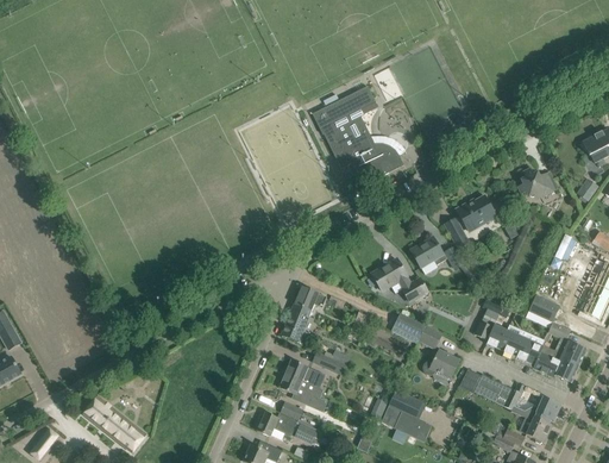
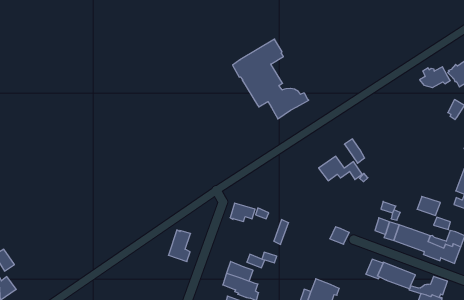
building: [520,170,558,195] -> [420,67,450,88]
building: [456,195,506,229] -> none
building: [371,258,427,301] -> none
building: [282,304,312,344] -> [168,230,191,262]
building: [391,313,426,343] -> none
building: [422,350,459,377] -> none

